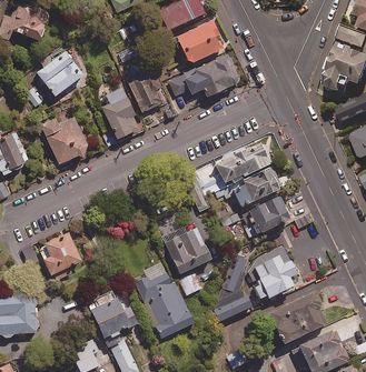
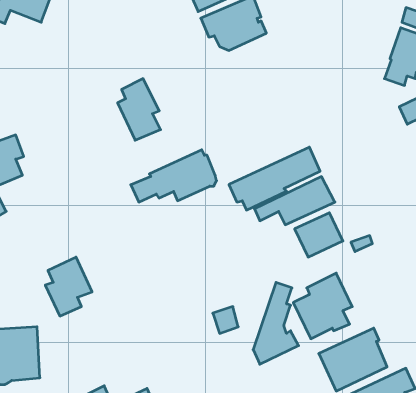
building: [37,49,81,94] -> none
building: [168,53,239,97] -> [131,150,217,202]
building: [125,64,164,111] -> none
building: [41,117,86,162] -> none
building: [161,228,209,274] -> none
building: [133,263,192,339] -> none
building: [88,291,136,339] -> none

